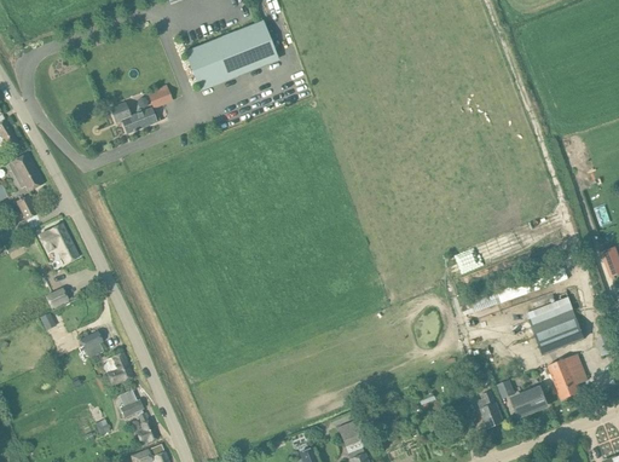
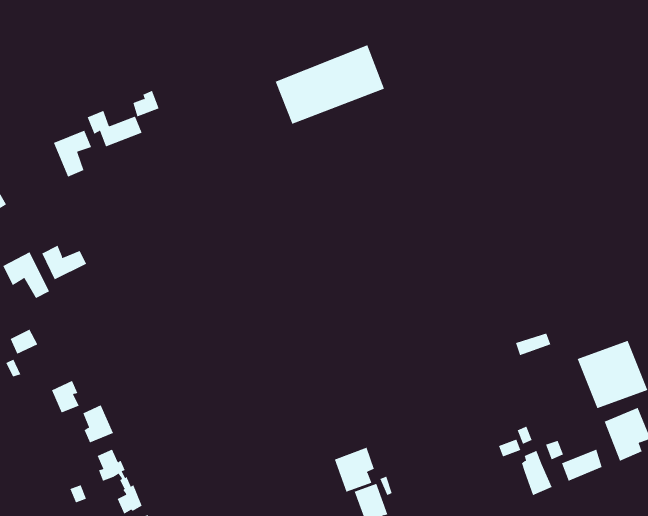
building: [184,21,277,88] -> [275,44,385,124]
building: none -> [53,130,92,177]
building: none -> [42,245,87,280]
building: none -> [334,447,375,492]

